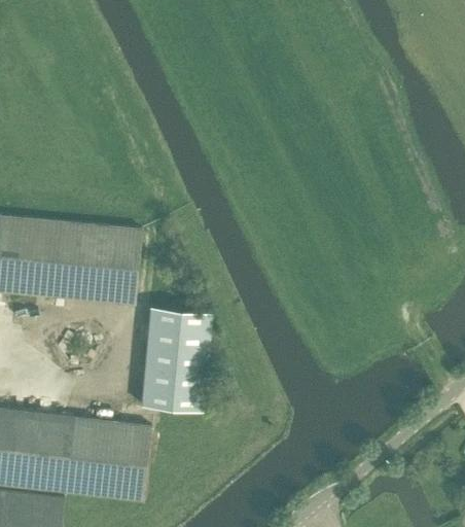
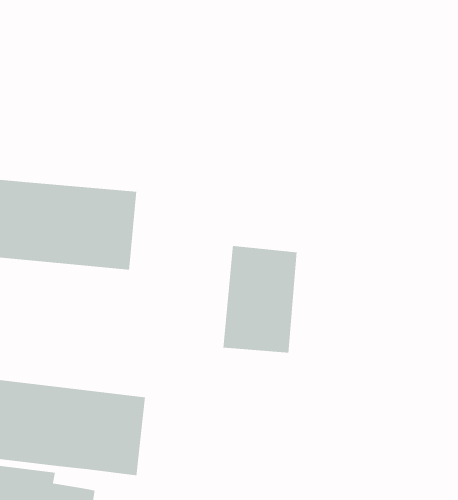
building: [139,307,211,411] -> [223,245,298,354]

